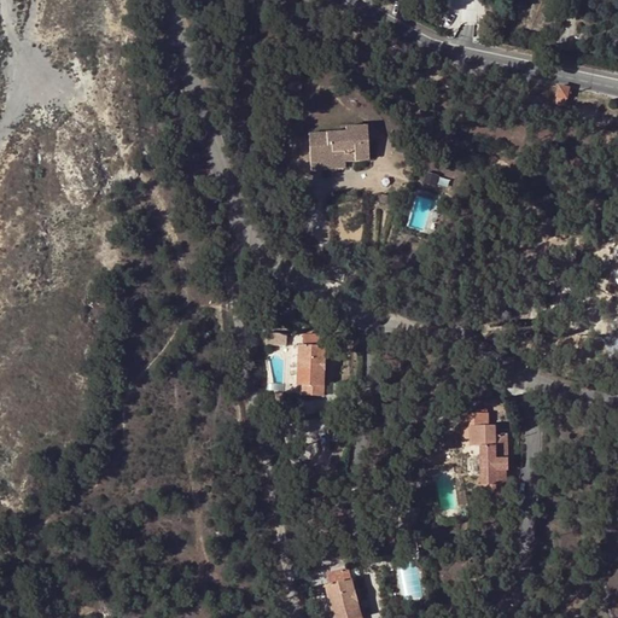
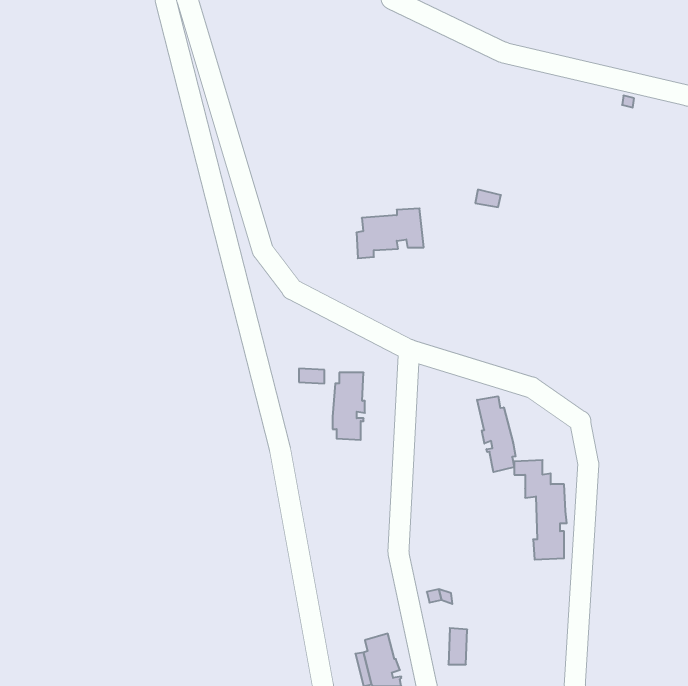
building: [309,124,369,169] -> [356,208,424,258]
building: none -> [477,396,516,472]

